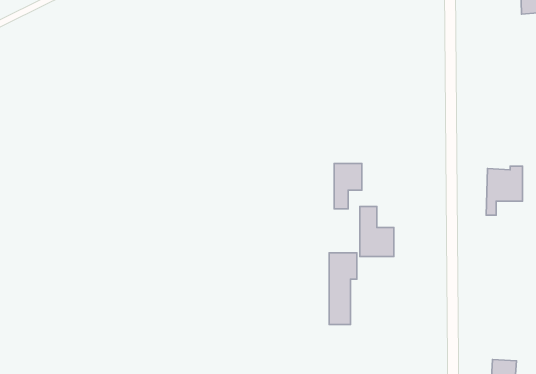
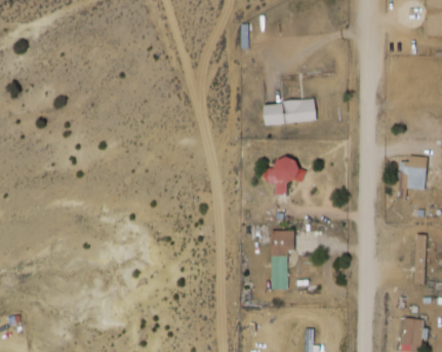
building: none -> [263,99,317,125]
building: [360,207,394,257] -> none

